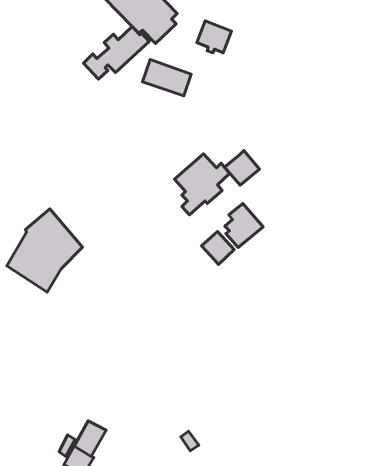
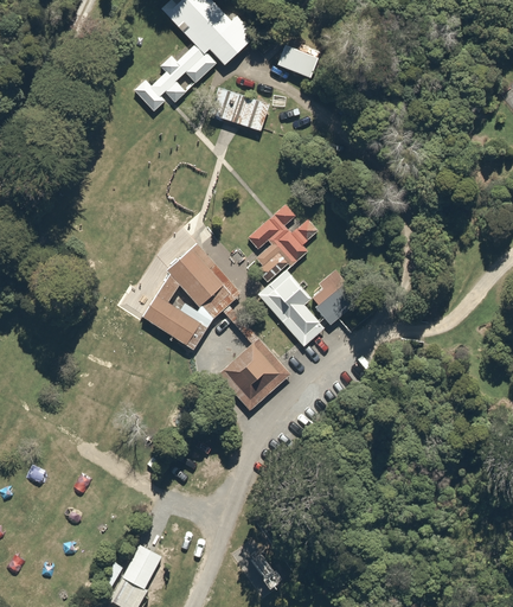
building: [224,150,259,185] -> none
building: none -> [257,269,310,322]
building: [7,209,83,292] -> [142,244,238,350]
building: none -> [217,339,289,410]

